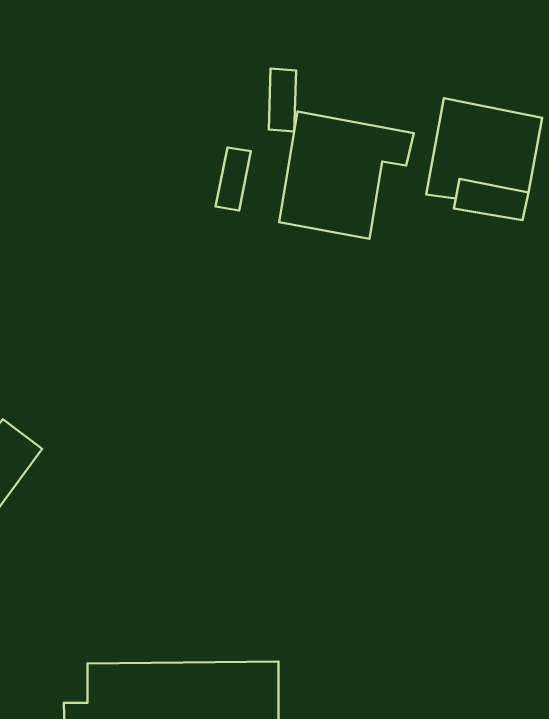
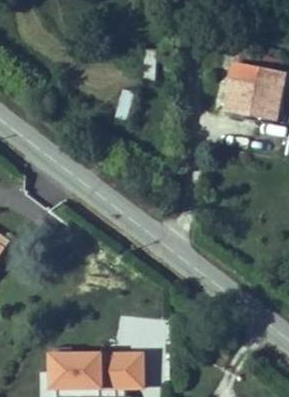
building: [279,112,414,239] -> none

